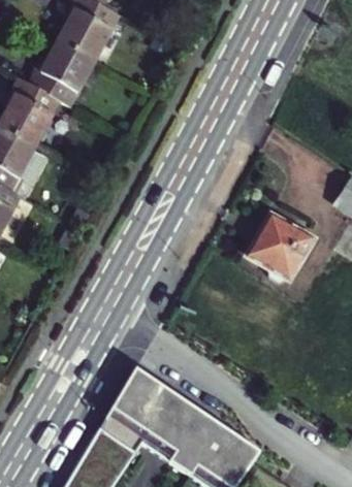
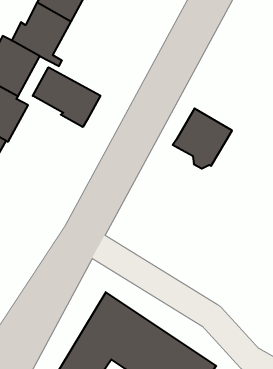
building: none -> [33,67,100,127]
building: [246,213,313,281] -> [173,108,232,169]

